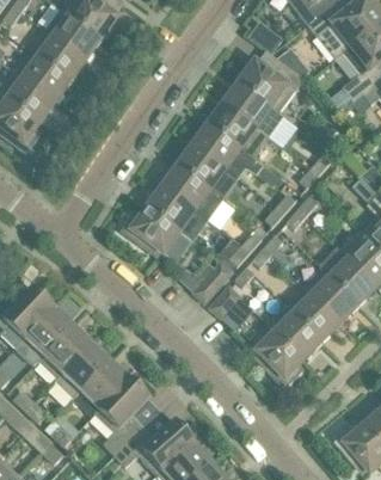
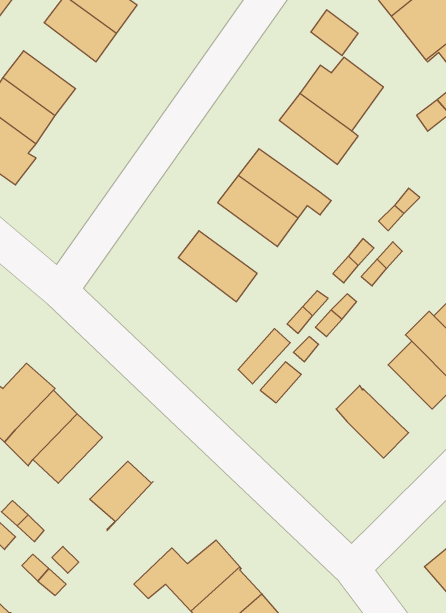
building: [31,29,86,79] -> none
building: [209,103,269,156] -> none
building: [164,165,223,219] -> none
building: [122,207,192,261] -> none
building: [288,288,340,339] -> none
building: [257,331,303,387] -> none
building: [56,343,110,396] -> none
building: [94,376,149,454] -> none

